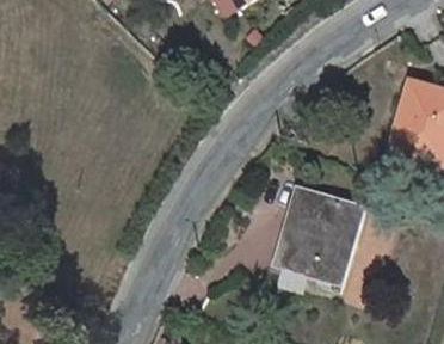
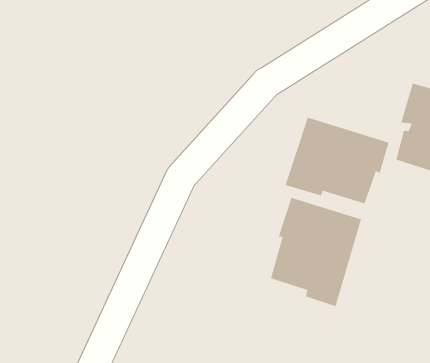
building: none -> [285,117,389,204]

